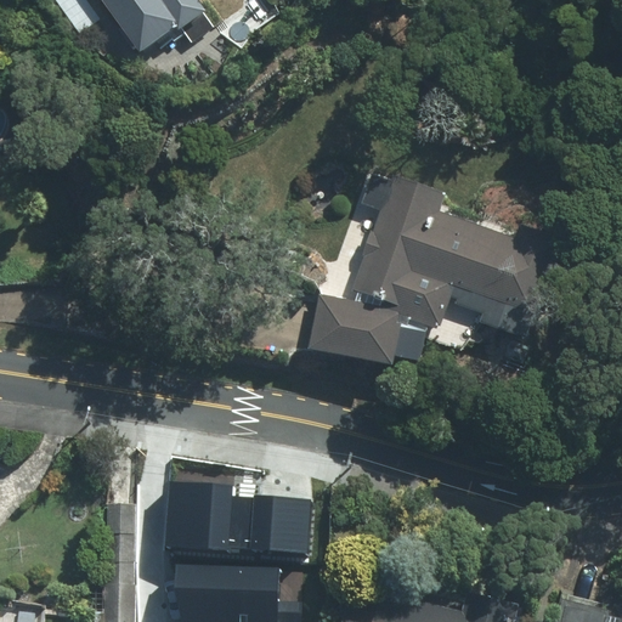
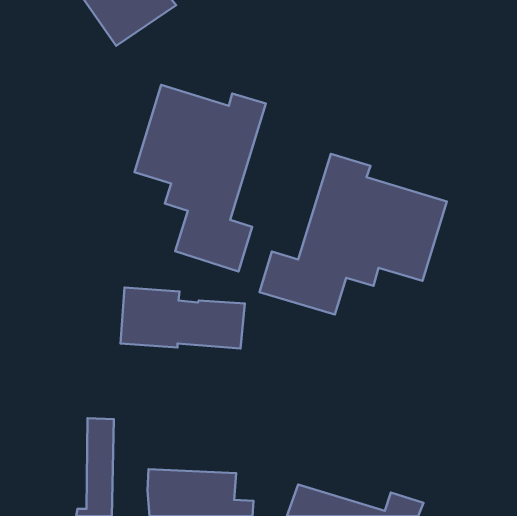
building: none -> [134,85,266,271]
building: [163,479,311,552] -> [121,287,245,348]

